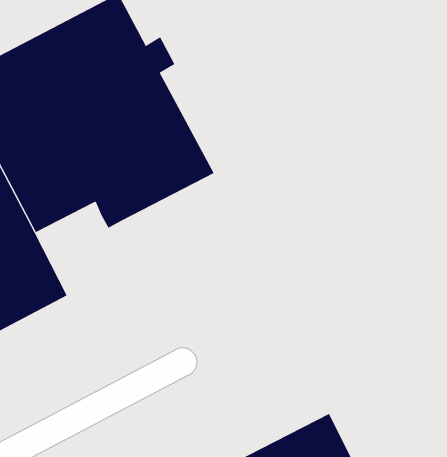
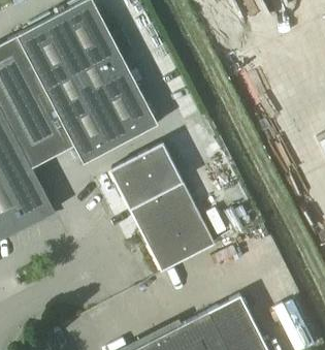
building: none -> [110,142,214,272]

